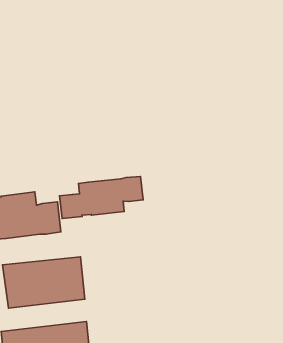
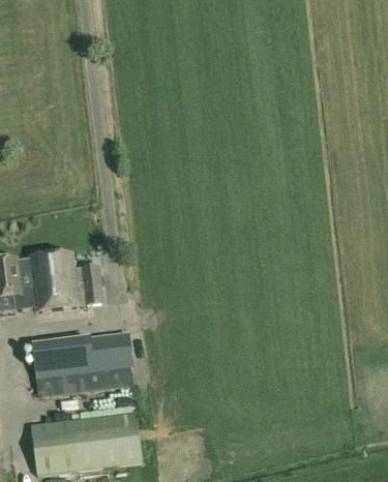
building: [60,177,143,219] -> none

